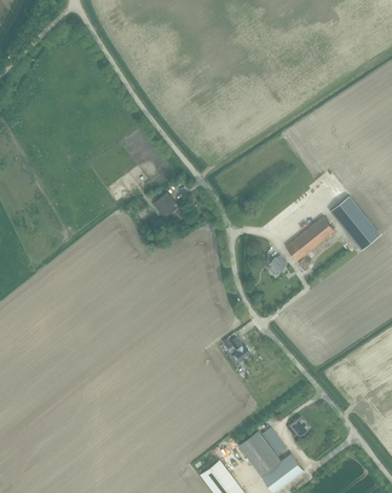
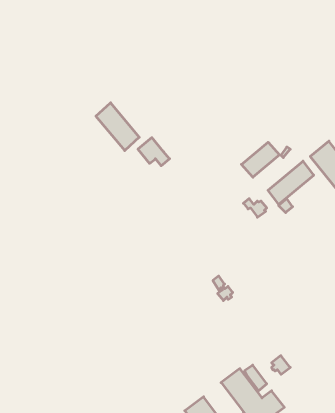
building: none -> [96,103,139,151]
building: none -> [241,142,280,177]

